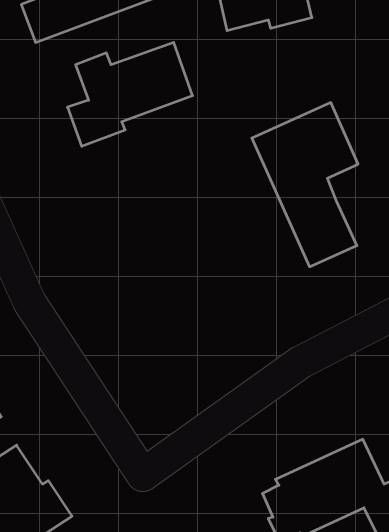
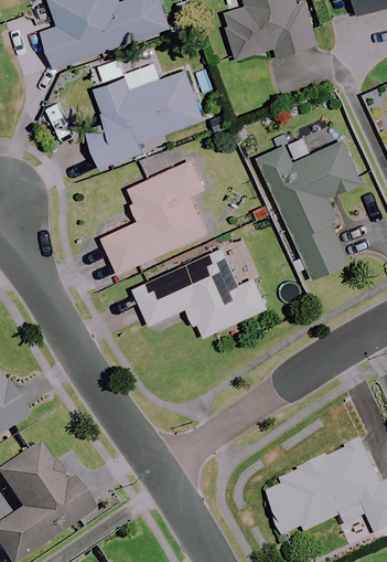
building: none -> [101,160,205,273]
building: none -> [132,248,266,338]

